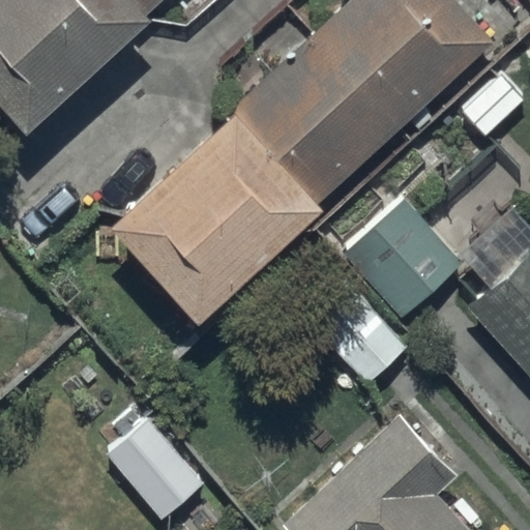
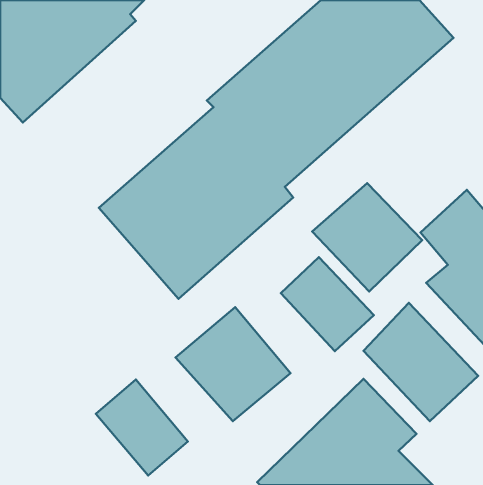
building: none -> [364,303,478,421]
building: none -> [176,307,291,421]

